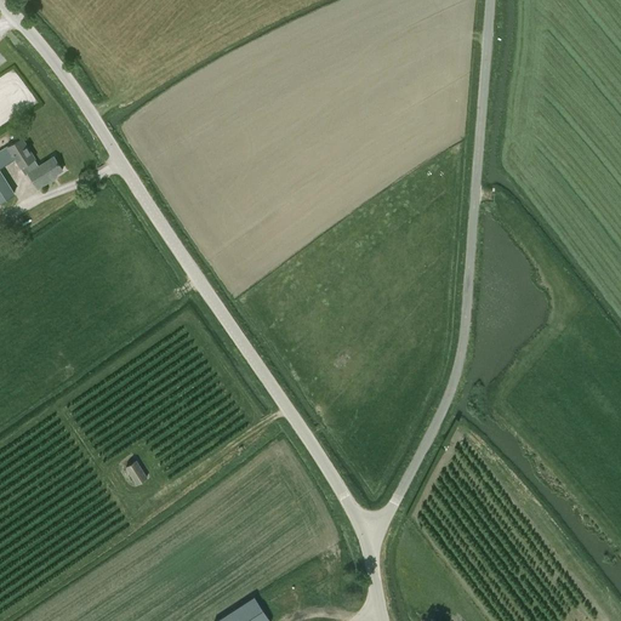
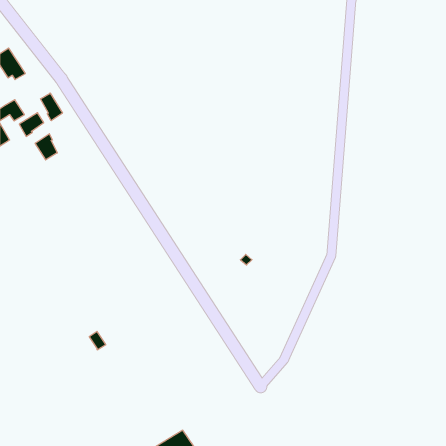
building: none -> [41,93,62,121]
building: none -> [35,134,57,160]

